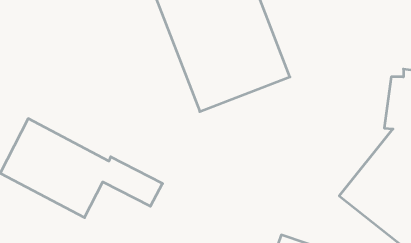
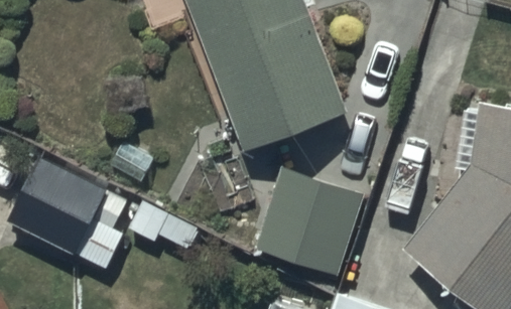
building: none -> [255,167,366,279]

